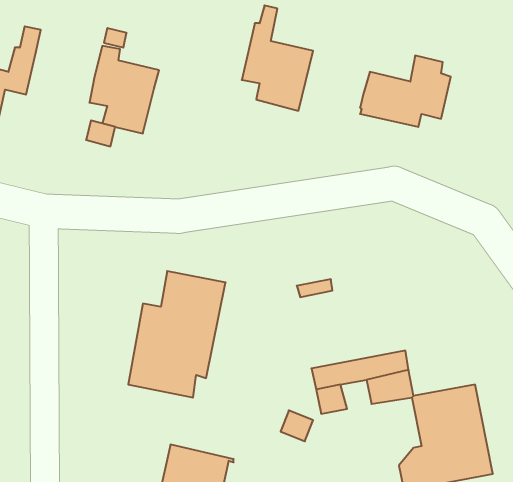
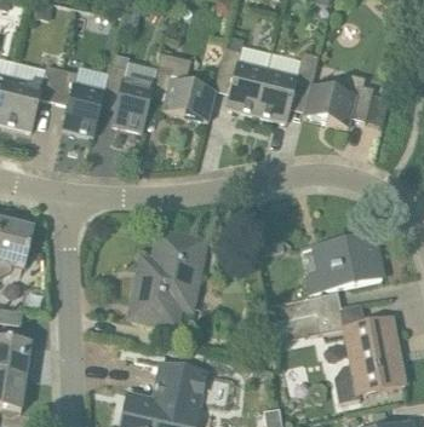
building: none -> [151,46,227,121]
building: none -> [259,50,320,119]
building: none -> [56,69,107,134]
building: none -> [305,231,383,292]

